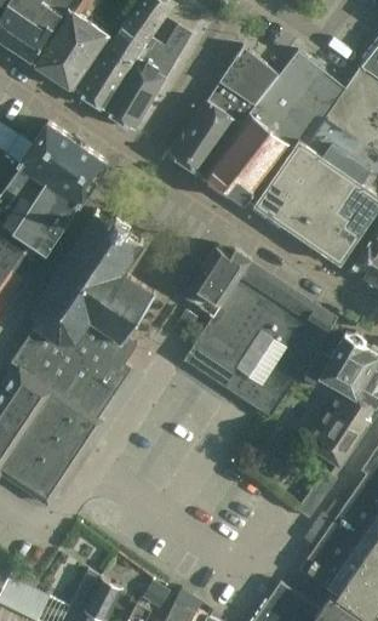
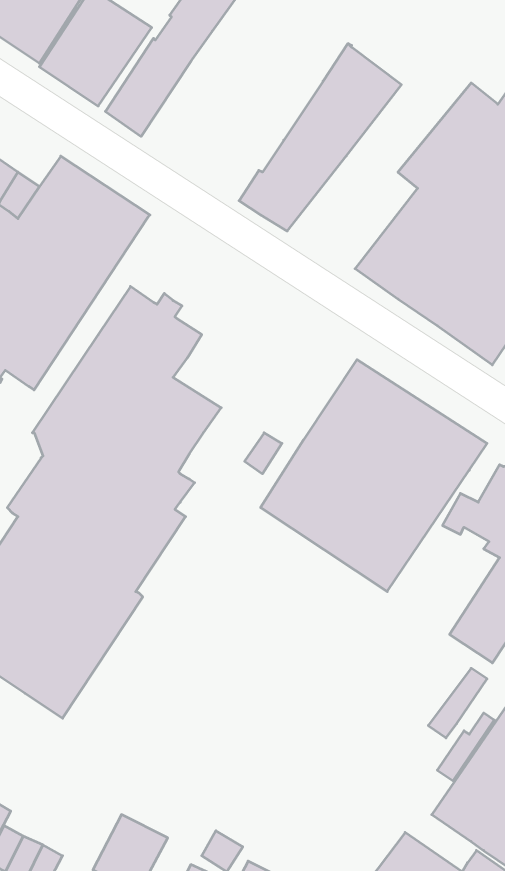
building: [102,25,191,131] -> none
building: [201,52,326,204] -> none
building: [178,246,248,317] -> none

